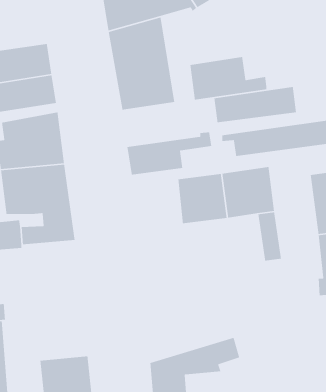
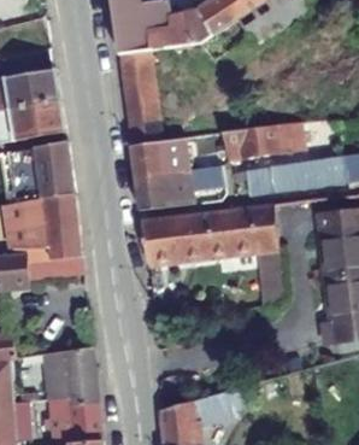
building: [189,56,267,100] -> [131,133,212,178]
building: none -> [141,212,194,265]
building: none -> [40,349,96,400]

